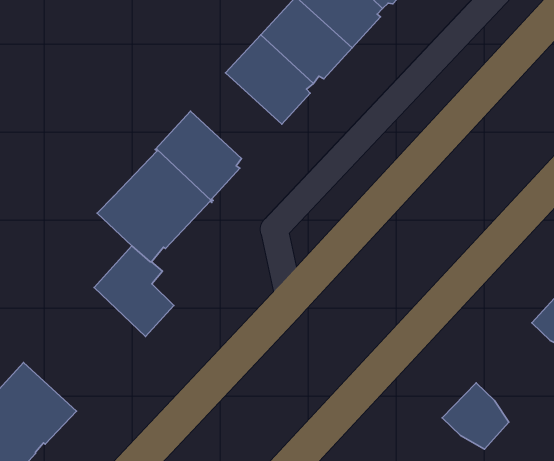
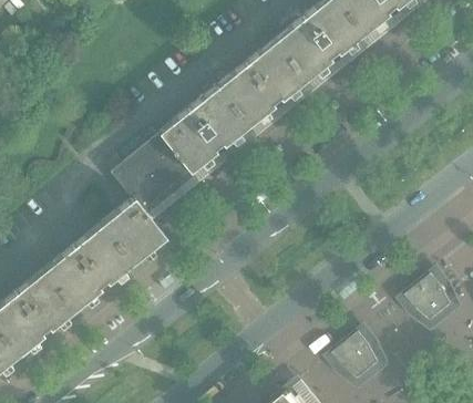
building: none -> [189,89,253,151]
building: none -> [45,226,134,311]

